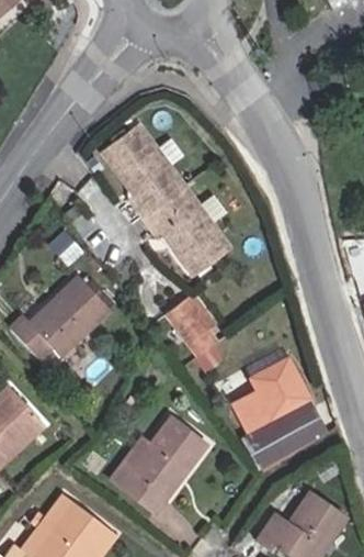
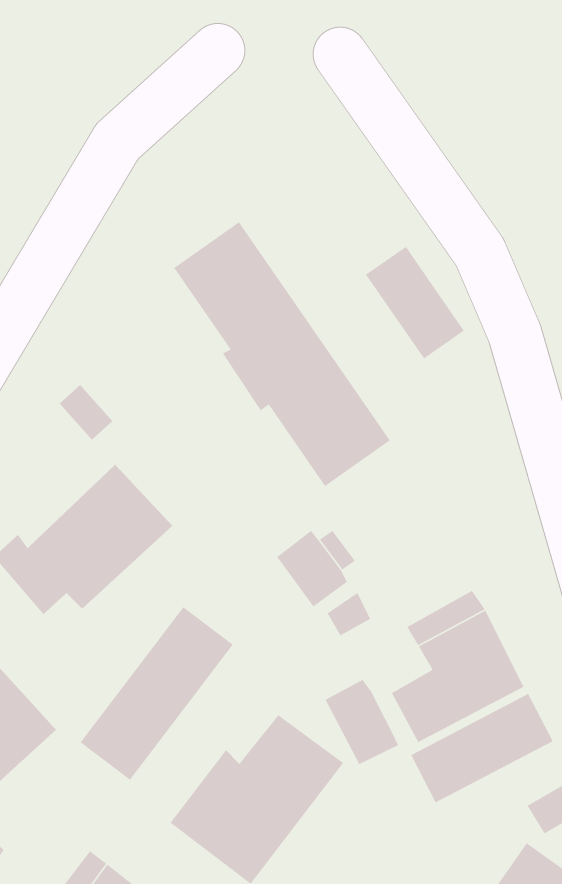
building: none -> [365,246,465,360]
building: none -> [79,606,234,781]
building: none -> [324,679,399,765]

